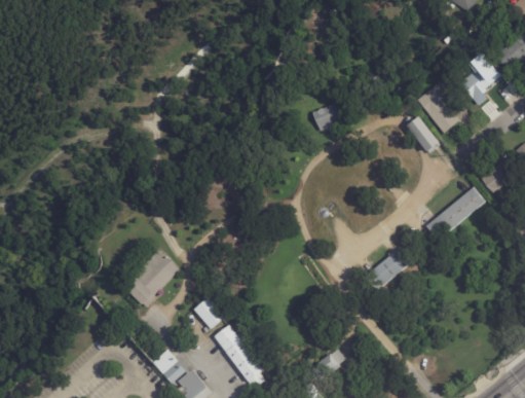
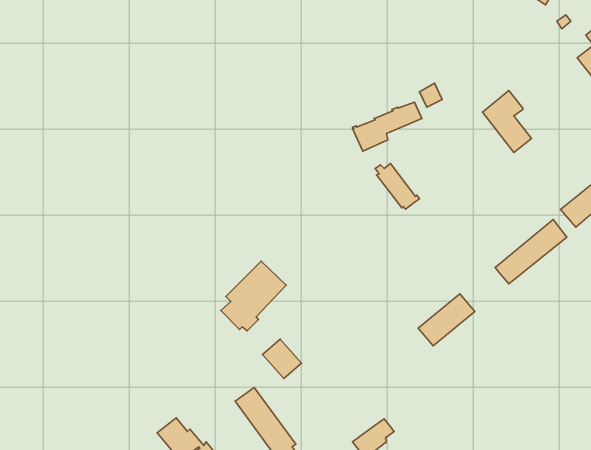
building: [460,56,498,106] -> none
building: [406,115,442,152] -> [375,164,419,209]
building: [124,251,178,307] -> [221,261,286,331]
building: [194,297,226,329] -> [262,339,302,378]

